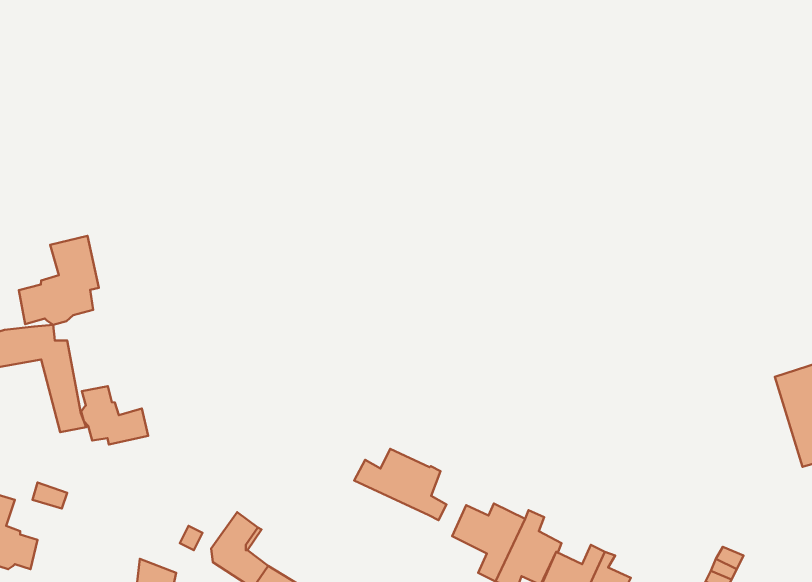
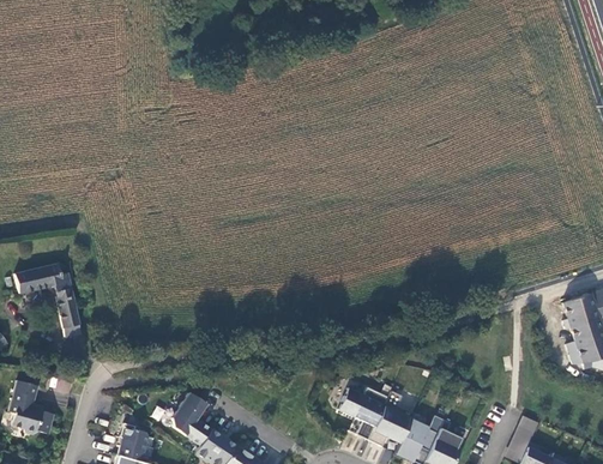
building: [19,236,99,325] -> none
building: [81,386,148,444] -> none
building: [354,449,446,520] -> none

